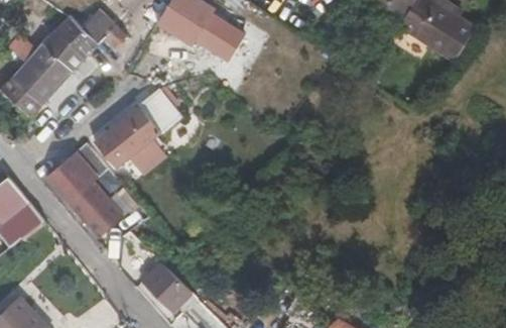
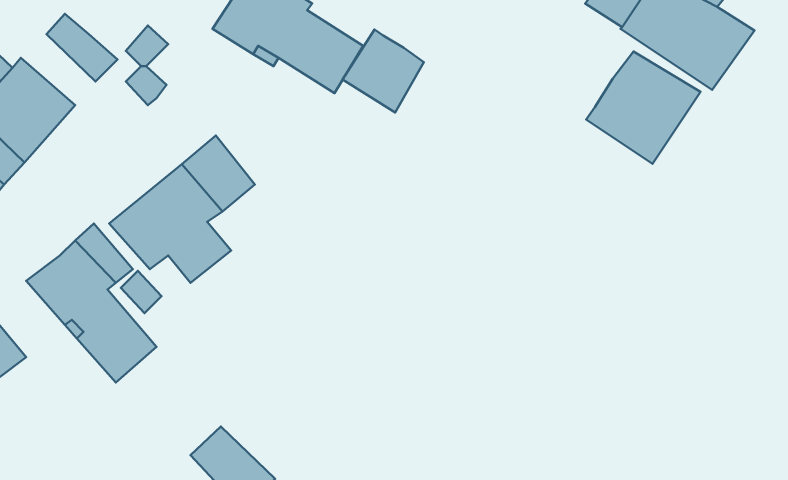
building: none -> [343,30,424,113]
building: [40,27,85,70] -> none
building: none -> [586,51,701,164]

